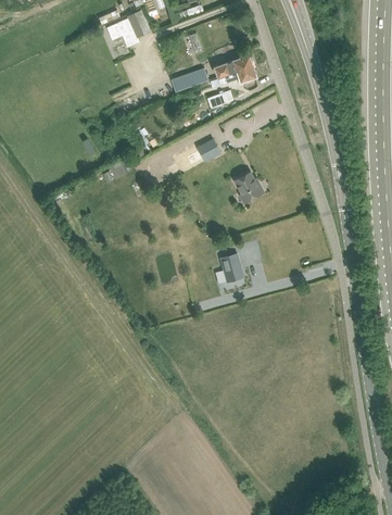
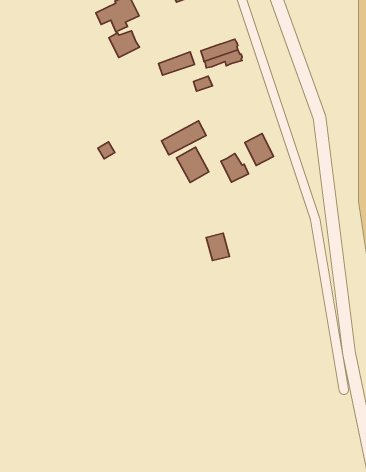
building: none -> [109,31,139,58]
building: none -> [245,133,273,165]
building: none -> [177,147,209,183]

